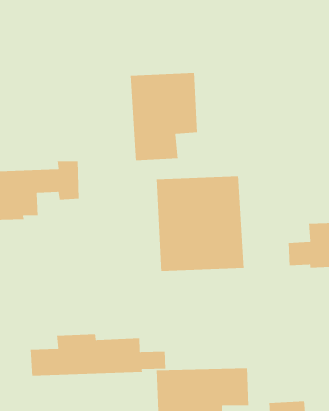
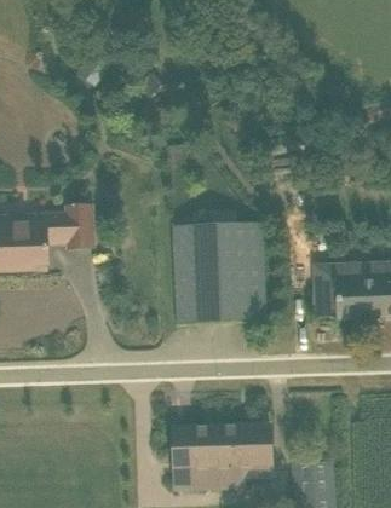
building: [130,72,198,161] -> none
building: [30,333,166,377] -> none

